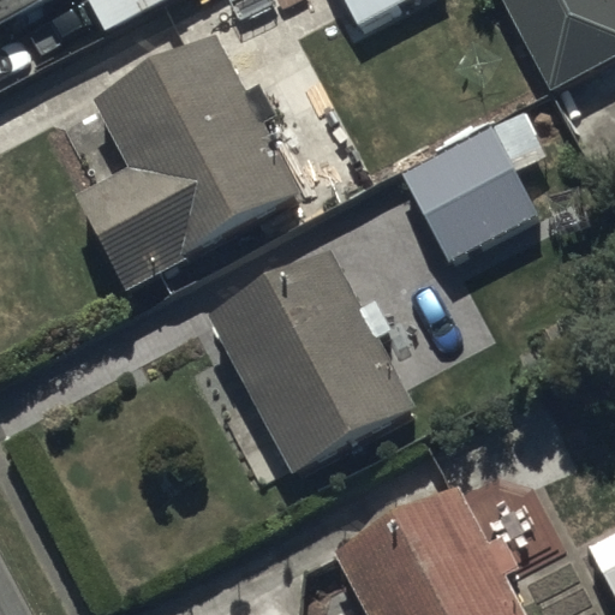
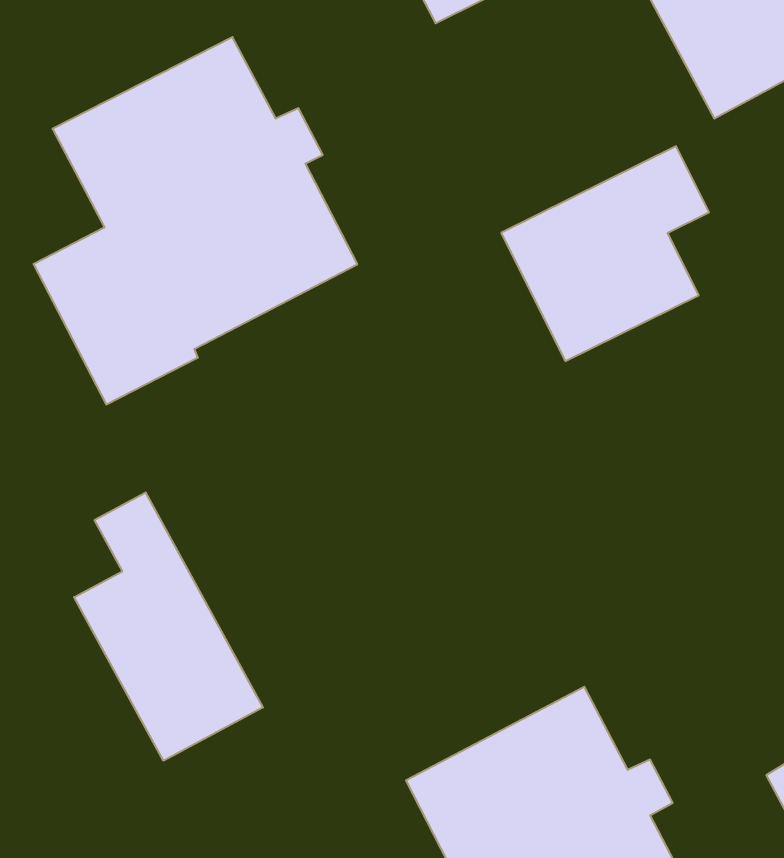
building: [210,250,416,474] -> none
building: none -> [74,492,263,761]

